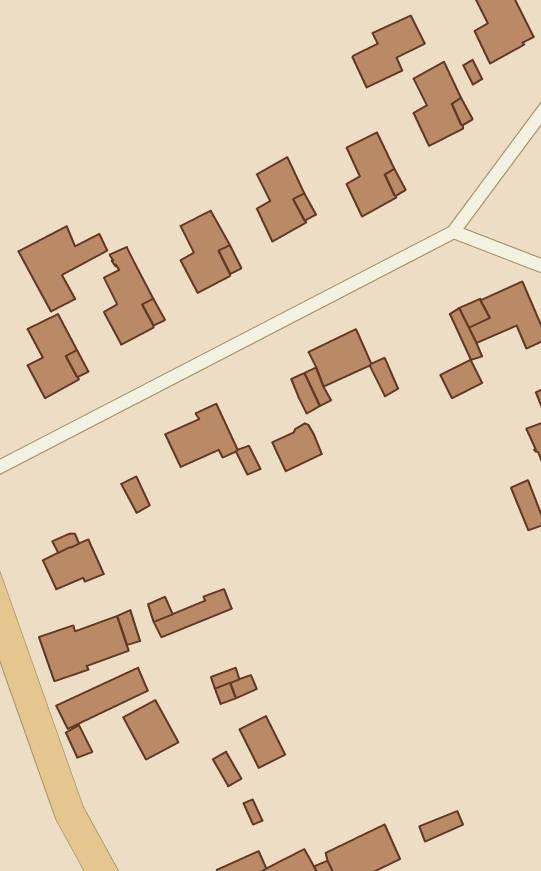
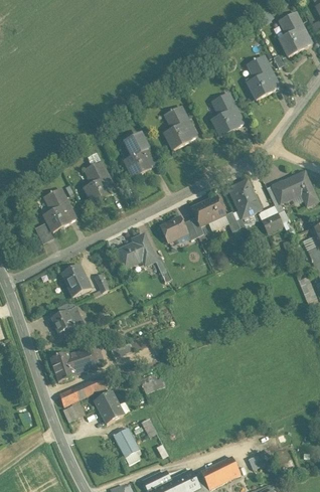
building: [352,16,425,88] -> none
building: [18,226,107,312] -> none
building: none -> [227,179,261,218]
building: [272,423,322,471] -> [160,216,186,241]
building: none -> [60,265,89,297]
building: [239,716,285,768] -> [114,429,138,456]

